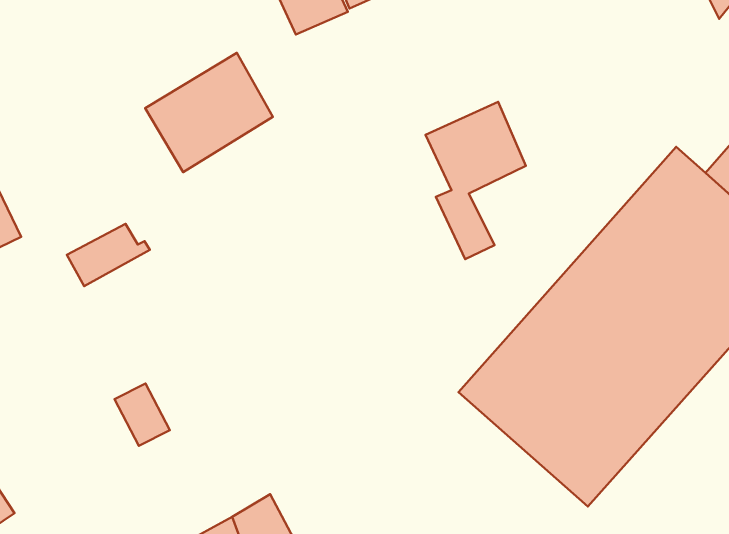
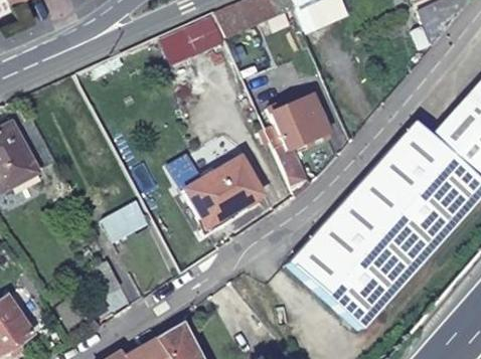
building: [145,53,273,172] -> [184,156,259,225]
building: [67,224,150,286] -> [103,200,151,236]

